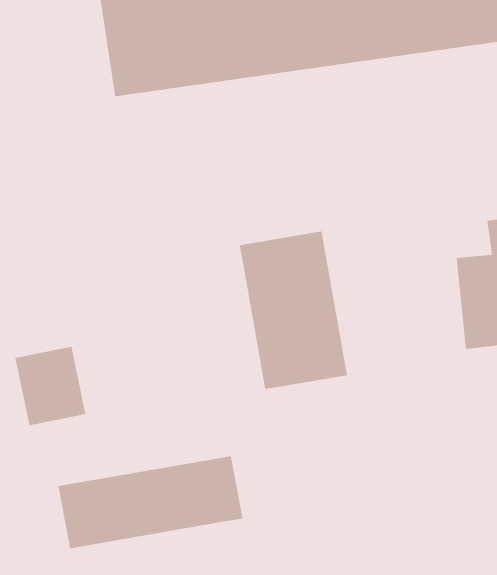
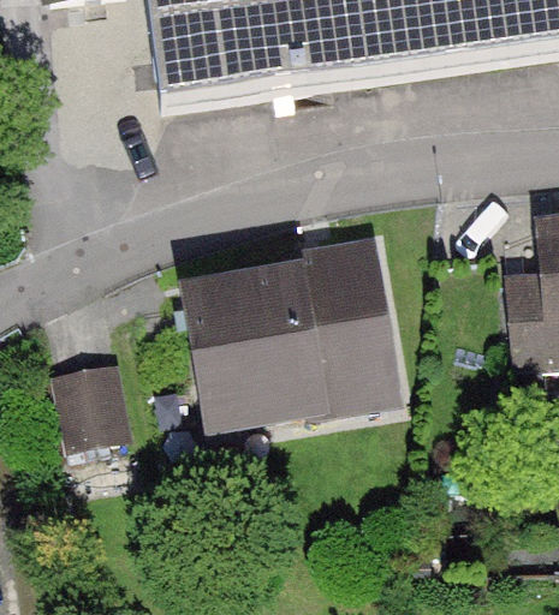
building: none -> [192,277,314,425]
building: [58,455,243,549] -> none

